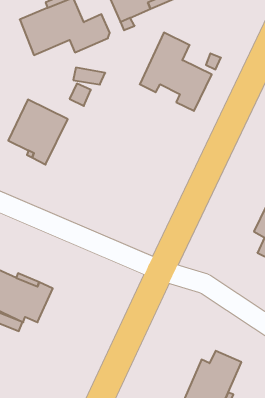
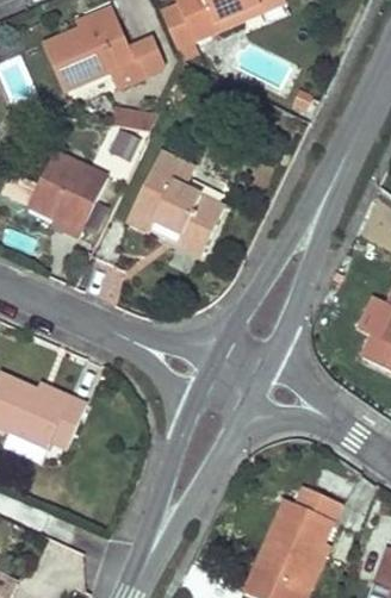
building: [140,33,212,111] -> [128,150,224,255]

